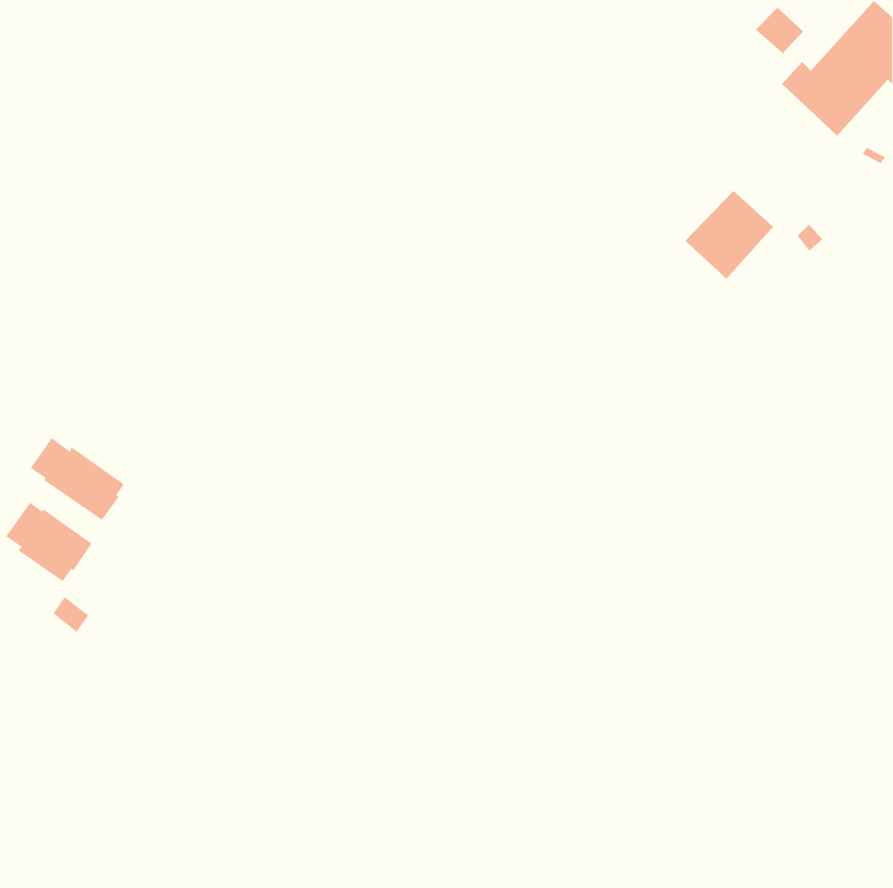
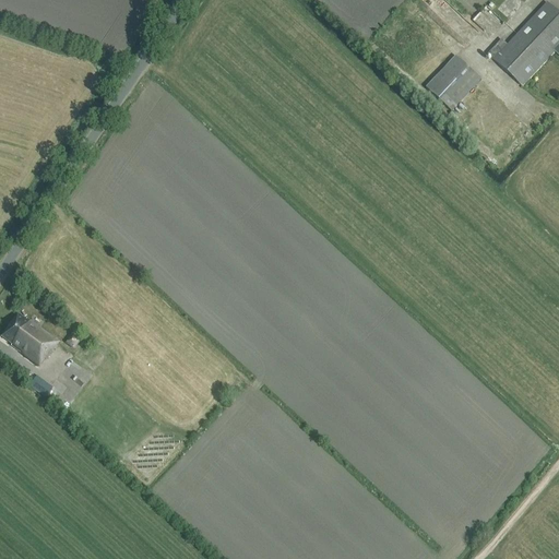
building: [685,190,774,279] -> [426,55,481,110]
building: [30,437,125,521] -> none

